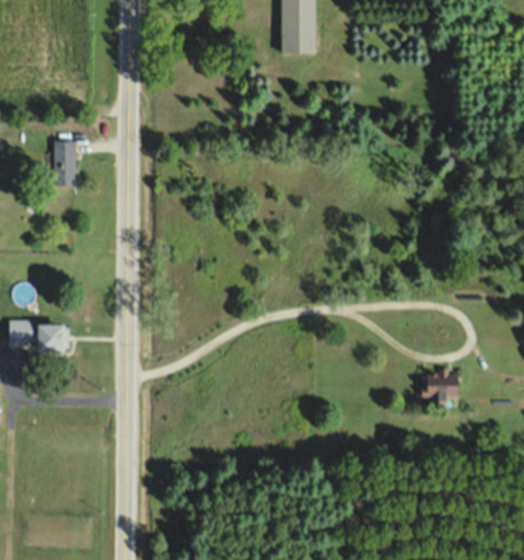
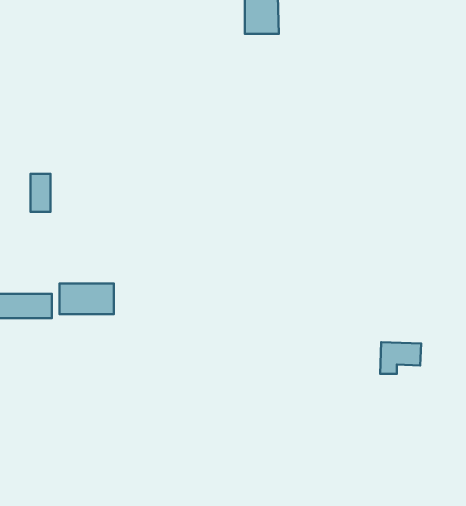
building: [55,144,75,184] -> [30,174,51,212]
building: none -> [59,283,114,314]

